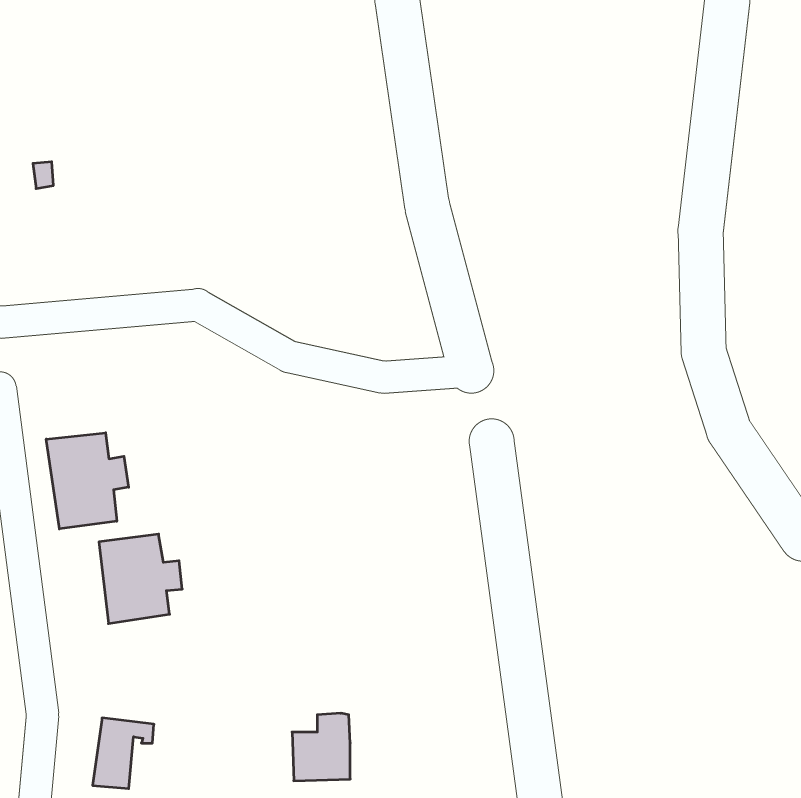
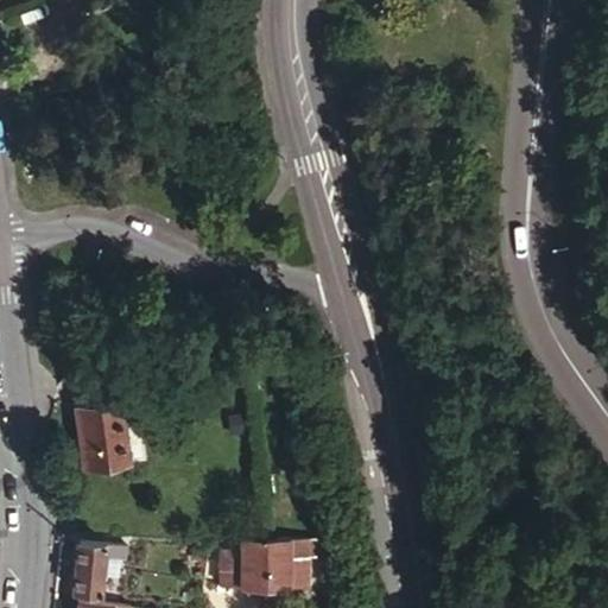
building: [46,433,129,529] -> none
building: none -> [265,536,318,593]

